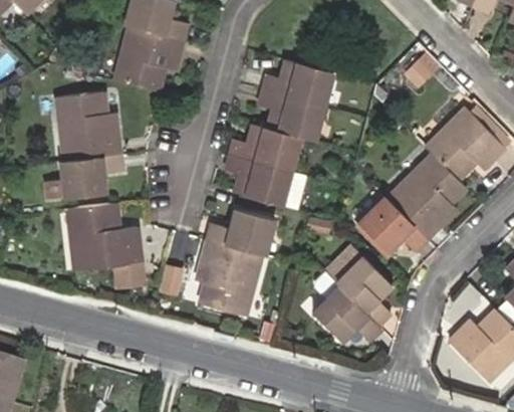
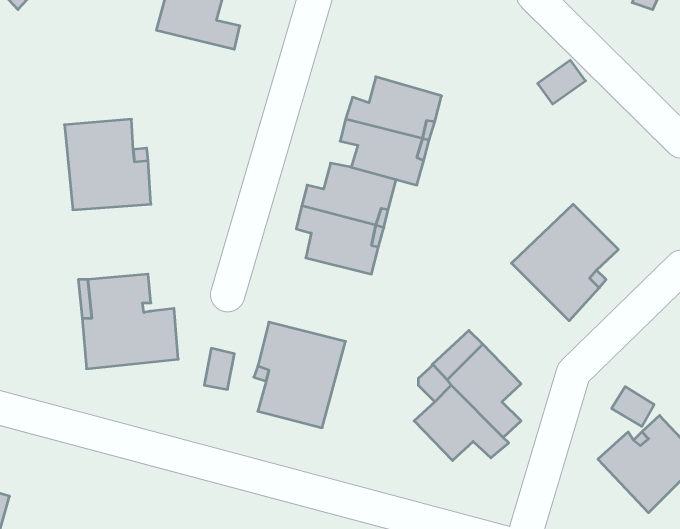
building: [115,27,183,93] -> none
building: [424,107,503,179] -> none
building: [61,154,122,195] -> none
building: [357,196,428,251] -> none
building: [208,211,275,255] -> none

